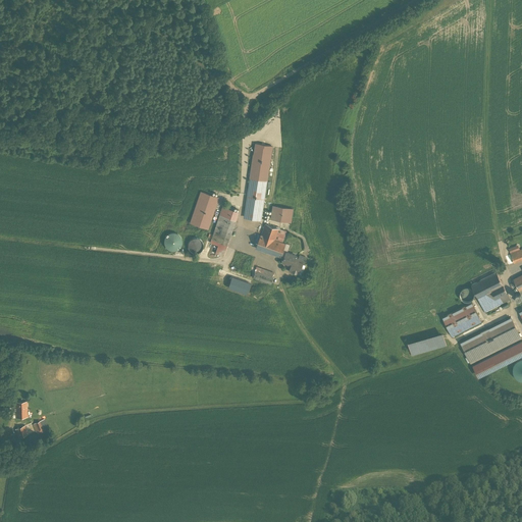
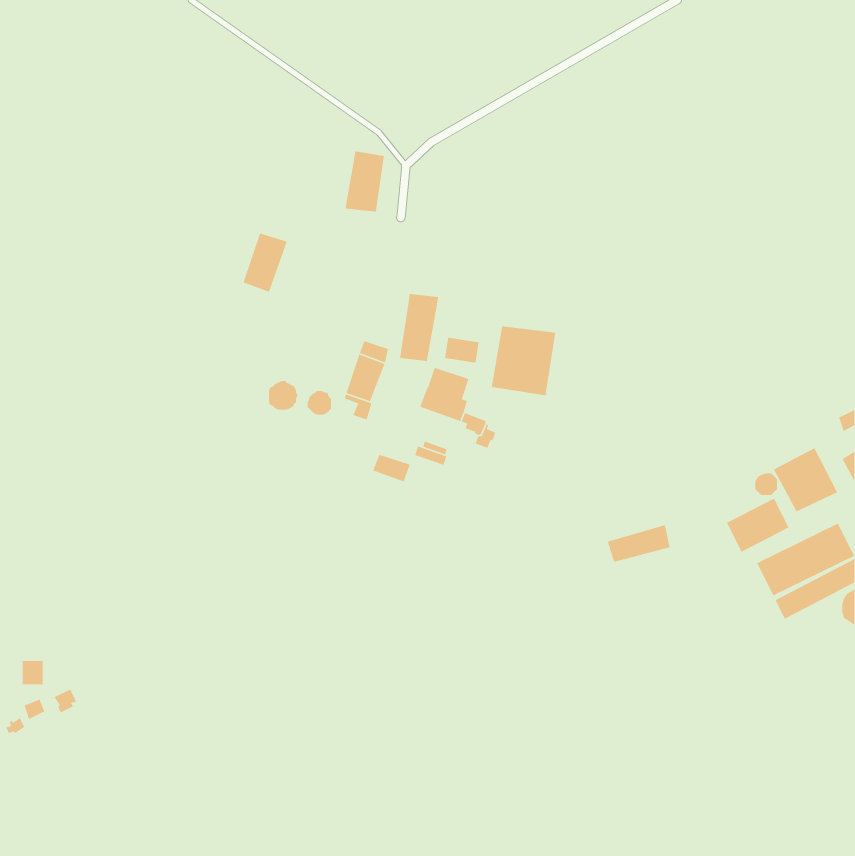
building: [248,143,272,180] -> [345,150,385,212]
building: [190,192,217,228] -> [243,233,288,293]
building: none -> [491,325,556,396]
building: [407,332,446,356] -> [607,524,670,563]

